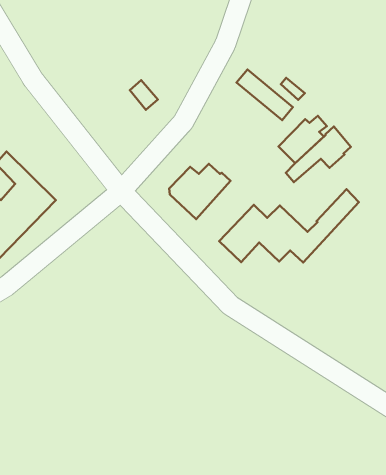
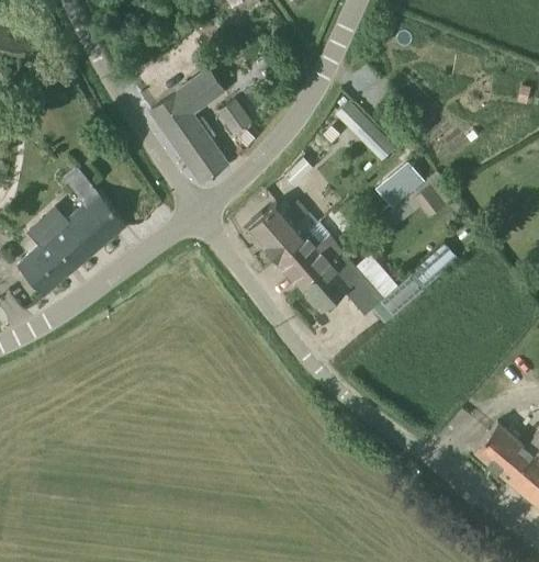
building: none -> [150,70,226,183]
building: none -> [277,223,341,288]

